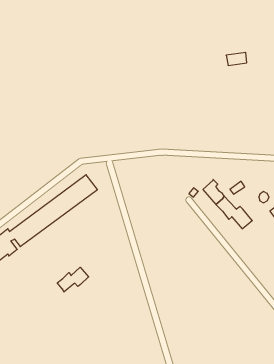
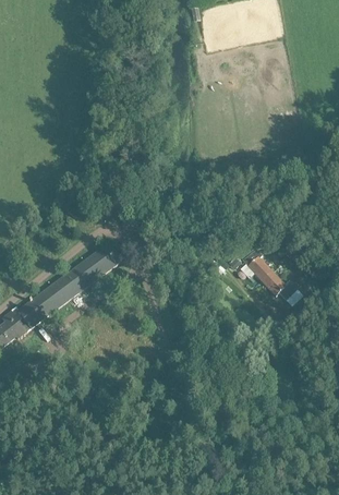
building: [57,267,89,292] -> none

